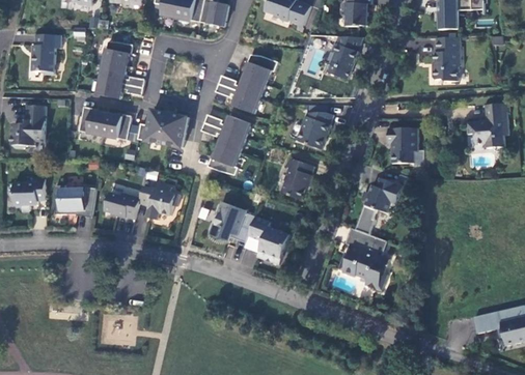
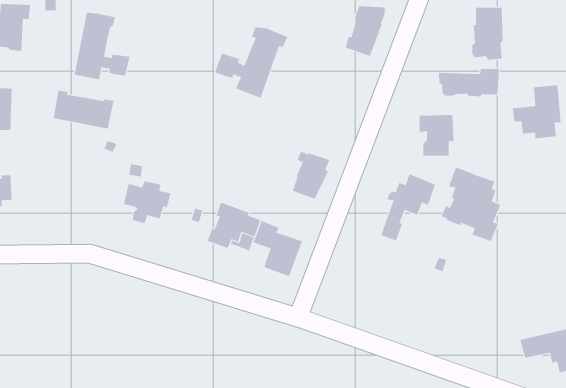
building: none -> [439,68,499,97]
building: [137,110,187,147] -> none
building: [296,112,332,149] -> none
building: [200,114,250,175] -> none
building: [54,184,95,217] -> none
building: [103,192,139,219] -> none
building: [337,227,388,290] -> [441,167,501,242]

